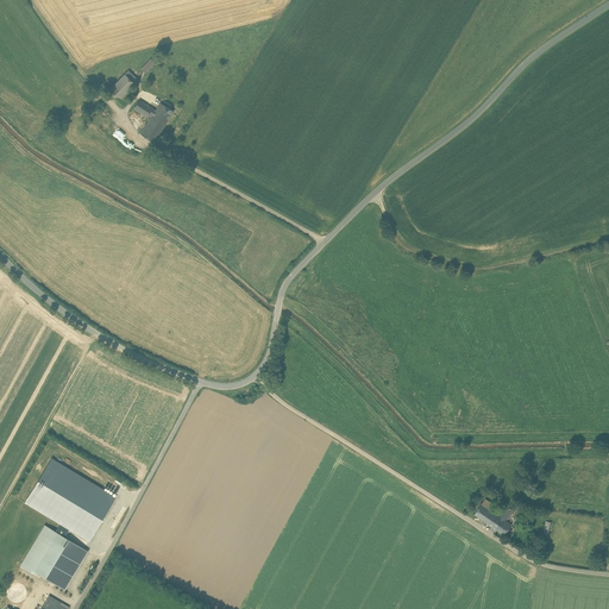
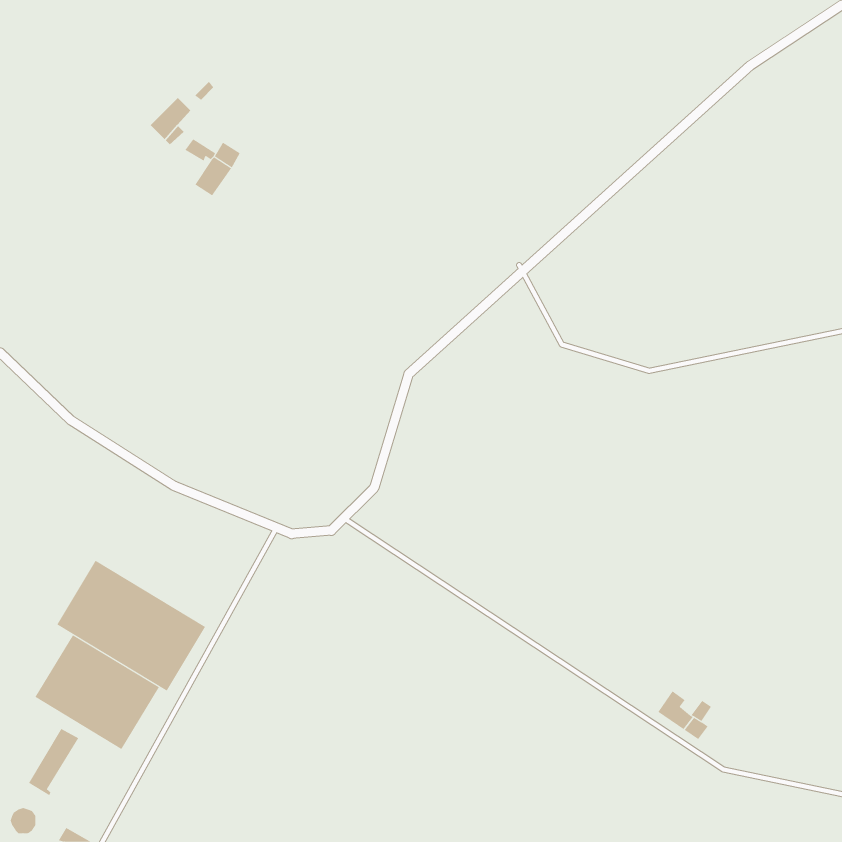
building: none -> [57,560,206,691]
building: [34,533,87,589] -> none

